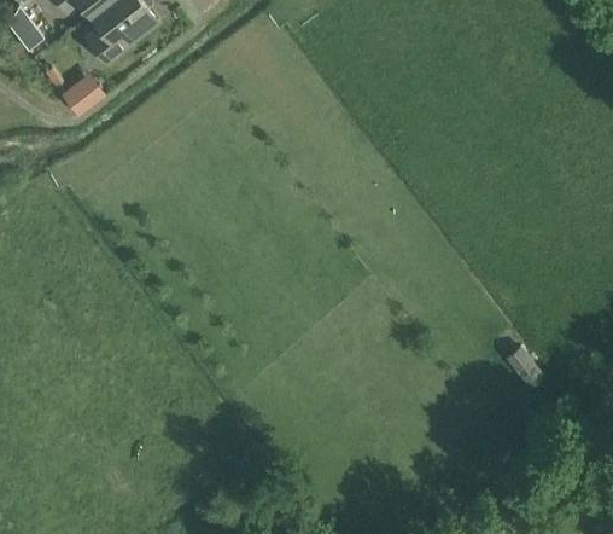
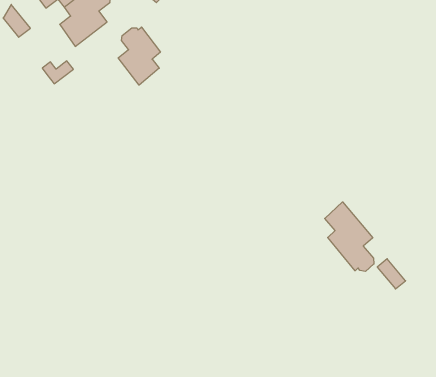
building: none -> [118,27,160,85]
building: none -> [325,202,374,271]

